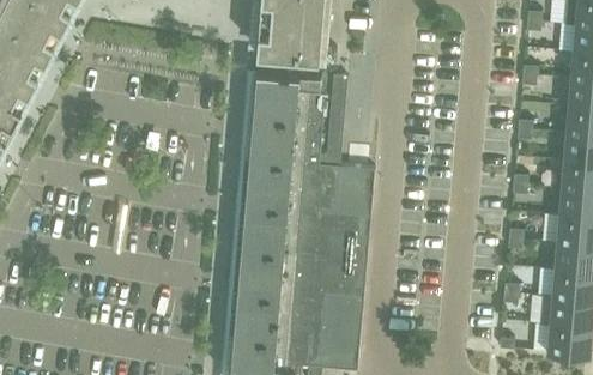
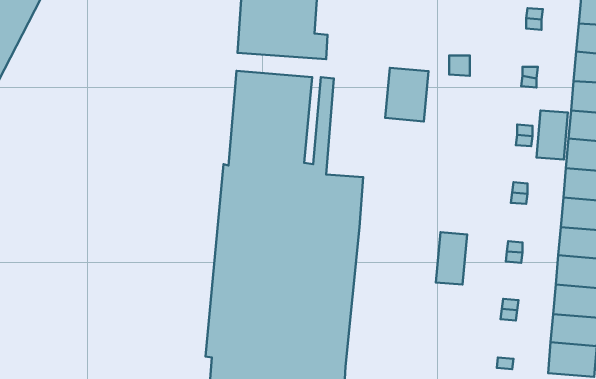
building: none -> [385,68,428,122]
building: none -> [536,110,568,160]
building: none -> [436,232,467,285]

